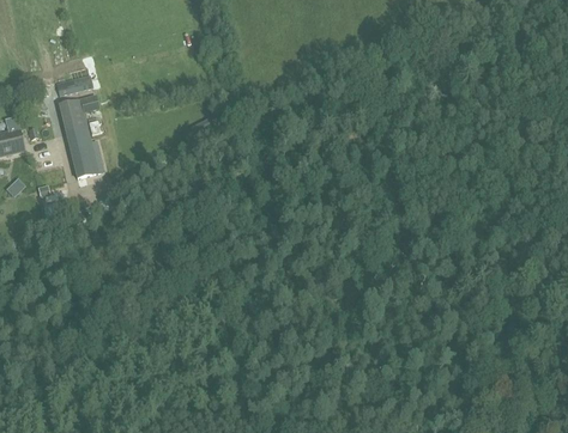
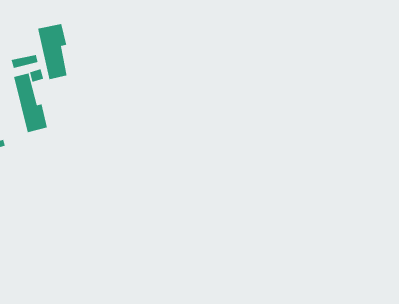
building: none -> [37,23,68,80]

